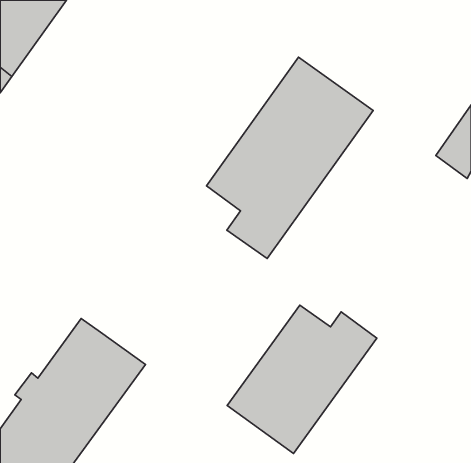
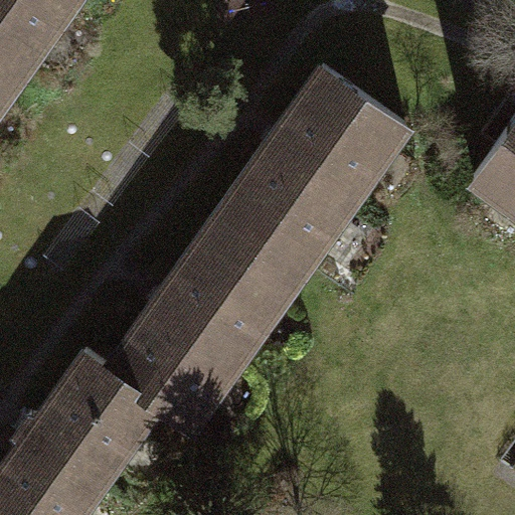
building: none -> [110,211,292,430]
building: [227,305,377,453] -> none

